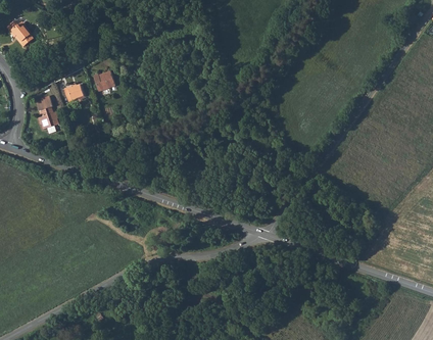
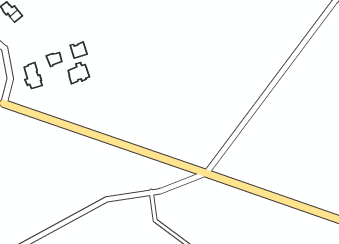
building: none -> [68,63,90,84]

